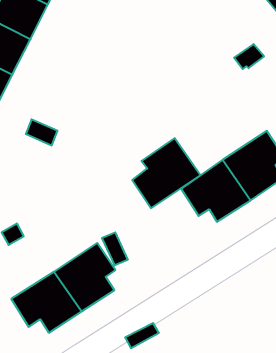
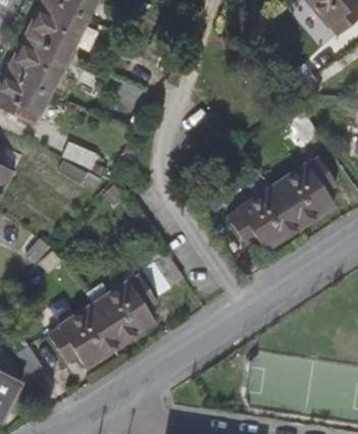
building: [132,138,201,208] -> none

